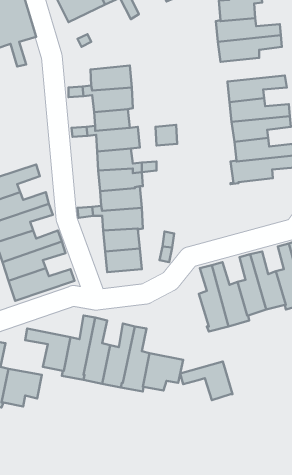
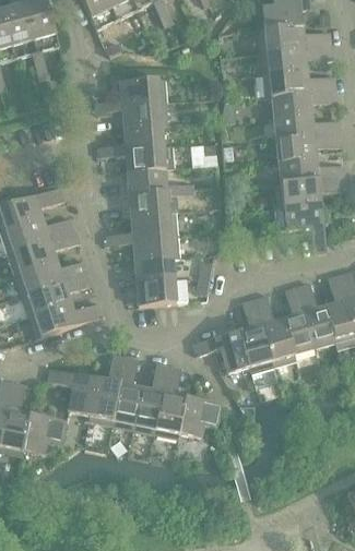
building: none -> [263,68,334,96]
building: none -> [274,201,326,251]
building: [180,361,233,400] -> [192,328,250,371]

